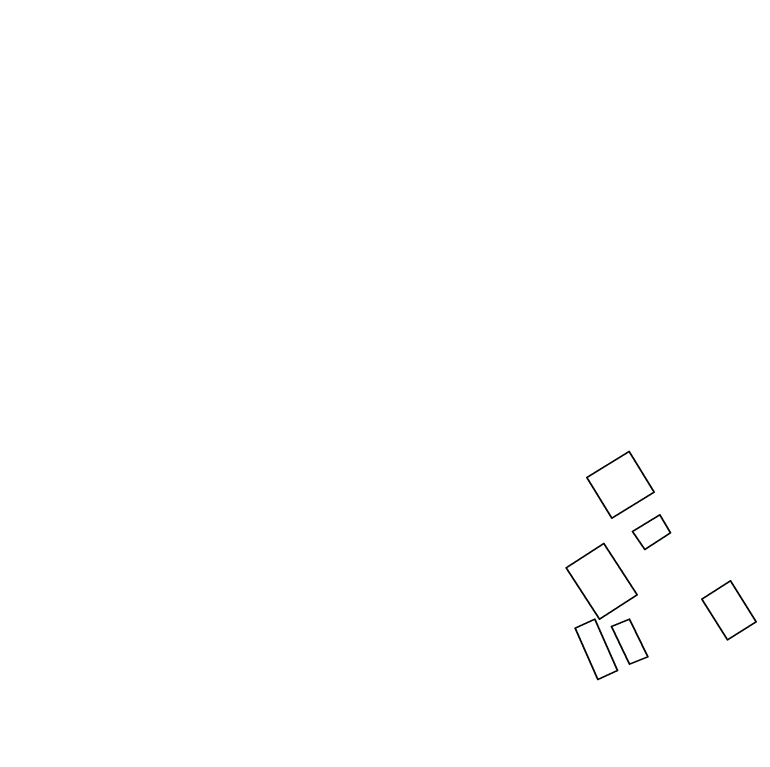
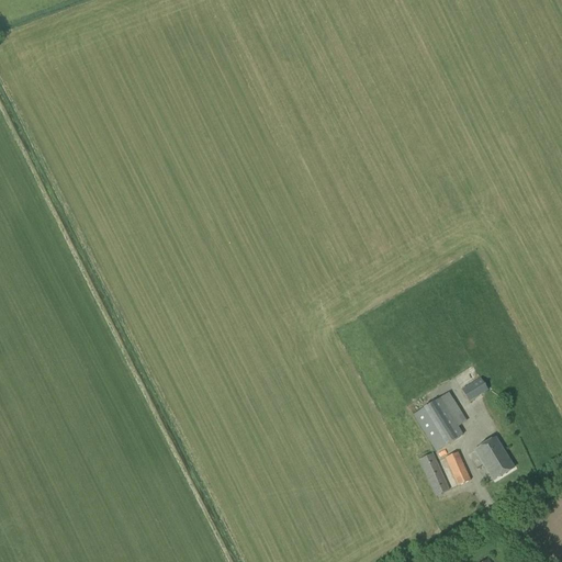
building: [587,451,654,518] -> none
building: [702,581,756,640] -> [475,436,515,479]

